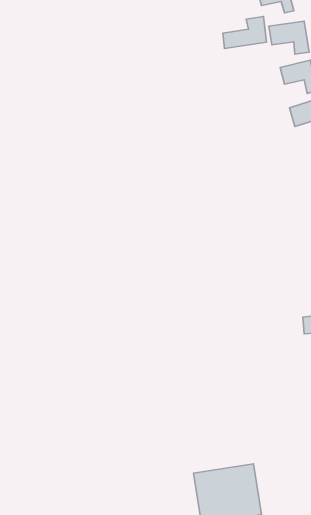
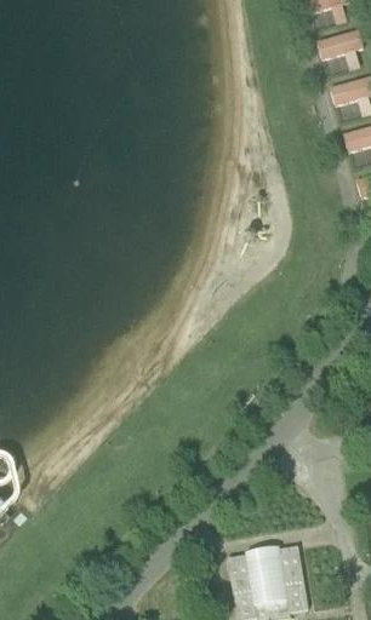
building: [223,17,266,48] -> none

